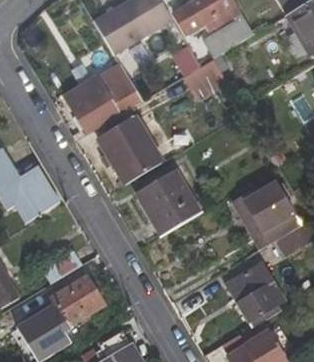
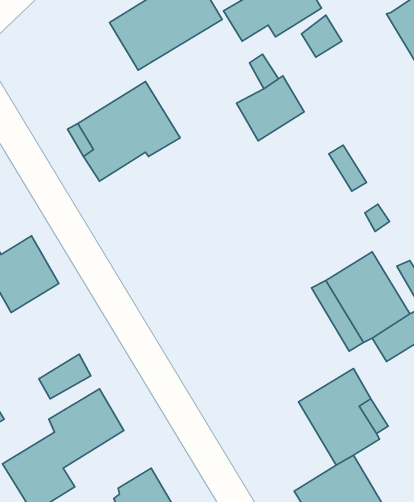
building: [97,118,159,185] -> none
building: [136,170,199,235] -> none

